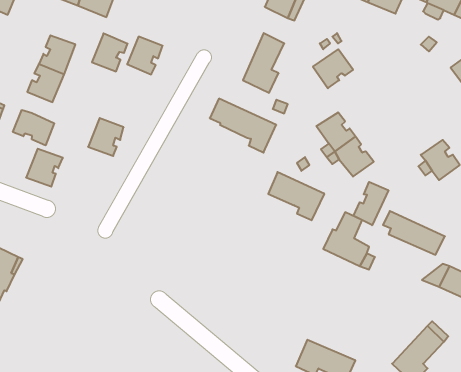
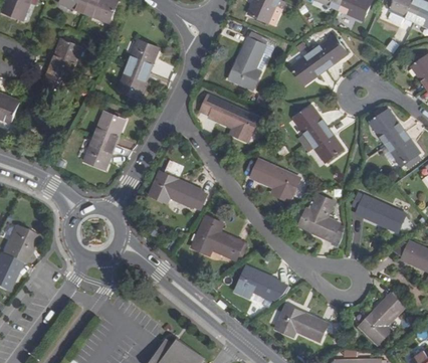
building: none -> [312,34,347,68]
building: [92,33,128,71] -> [118,63,149,97]
building: [13,110,54,145] -> none
building: none -> [370,109,404,143]
building: [26,149,63,187] -> [83,136,116,169]
building: [354,182,388,225] -> none
building: none -> [149,170,201,207]
building: none -> [191,215,247,259]
building: none -> [238,265,278,298]

